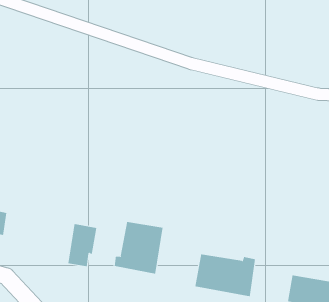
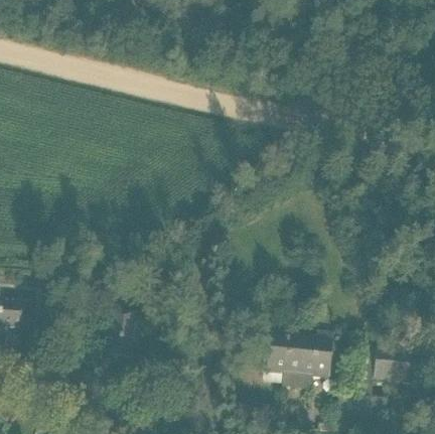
building: [114,221,163,274] -> none

